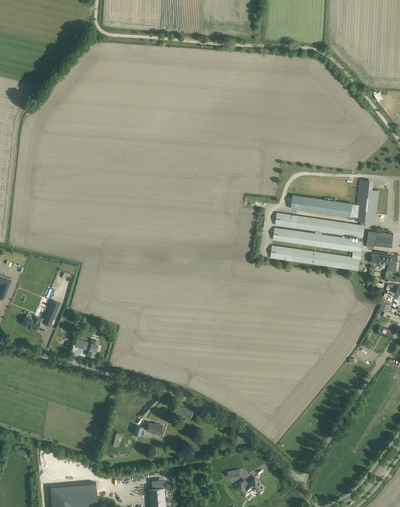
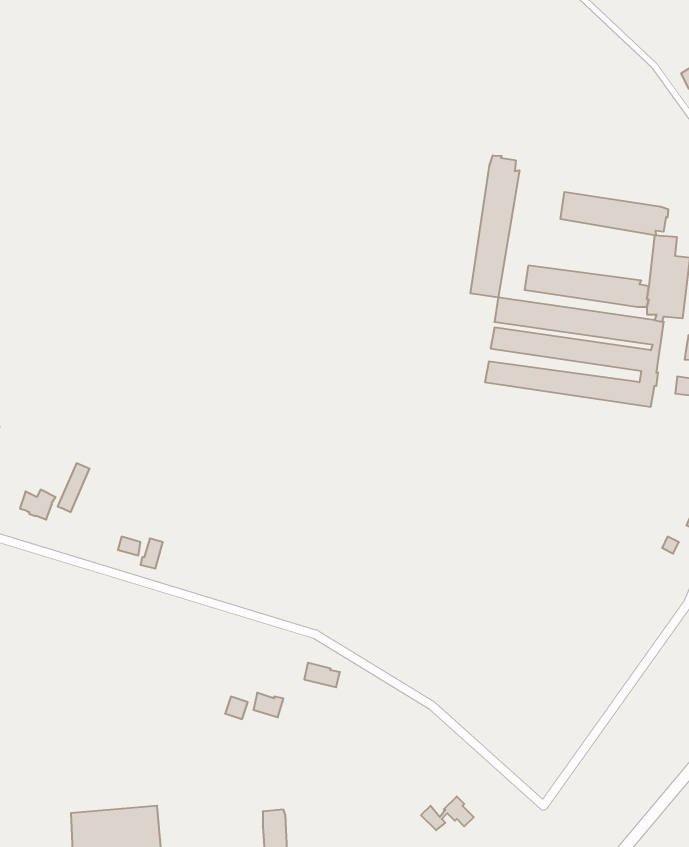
building: none -> [470,155,519,298]
building: none -> [560,192,668,236]

